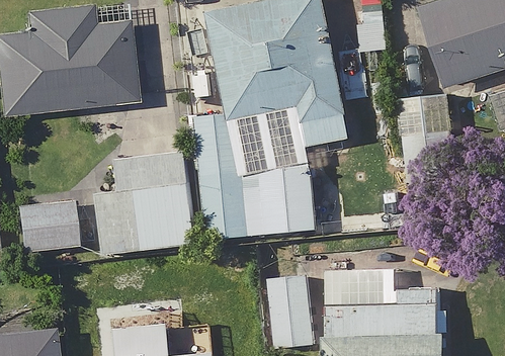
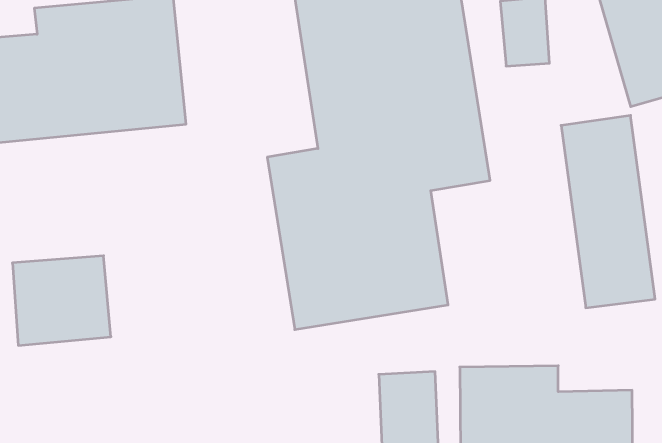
building: [95,153,195,256] -> none

